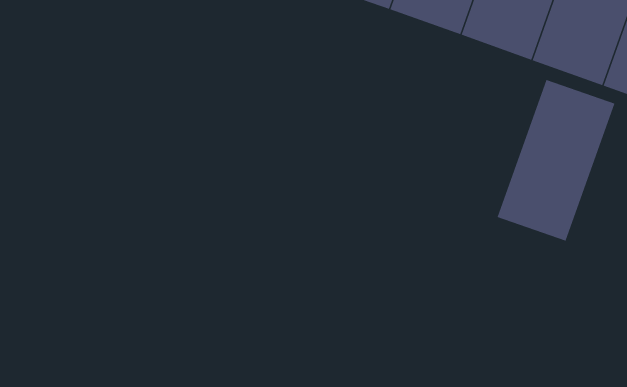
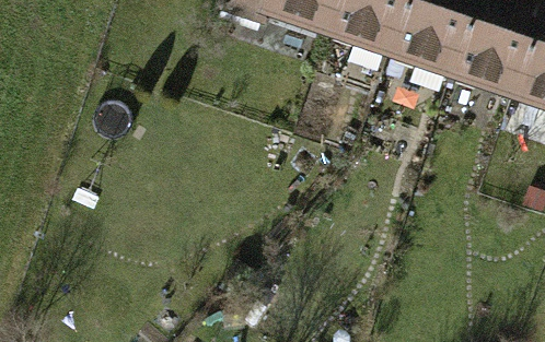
building: [497,79,615,242] -> none

